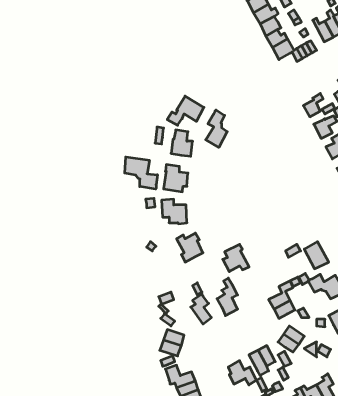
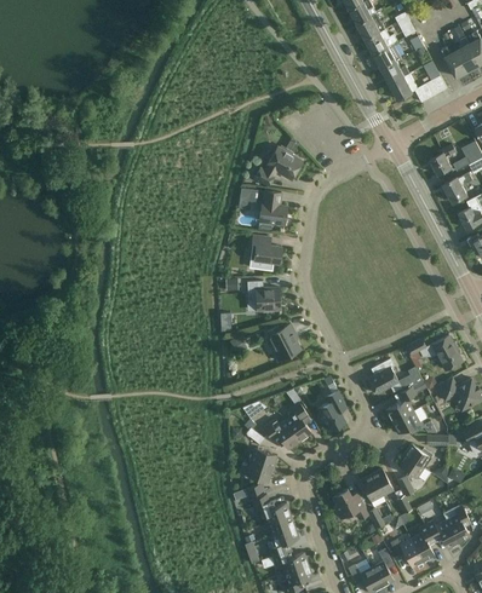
building: [206,110,227,147] -> none
building: [125,157,157,189] -> none
building: [223,244,249,272] -> [368,359,402,395]
building: none -> [264,420,300,449]

